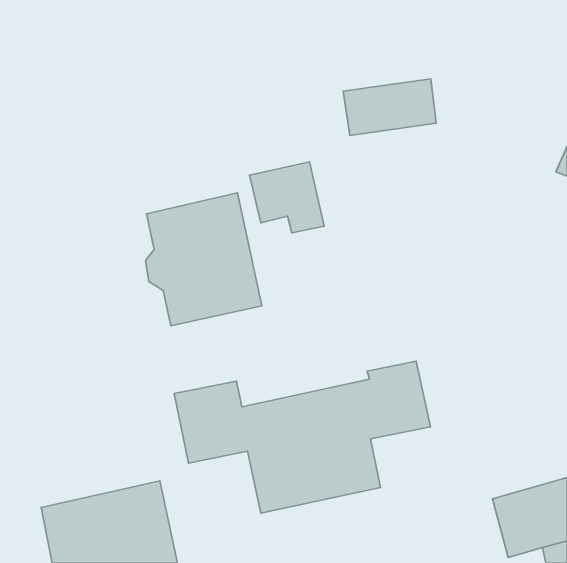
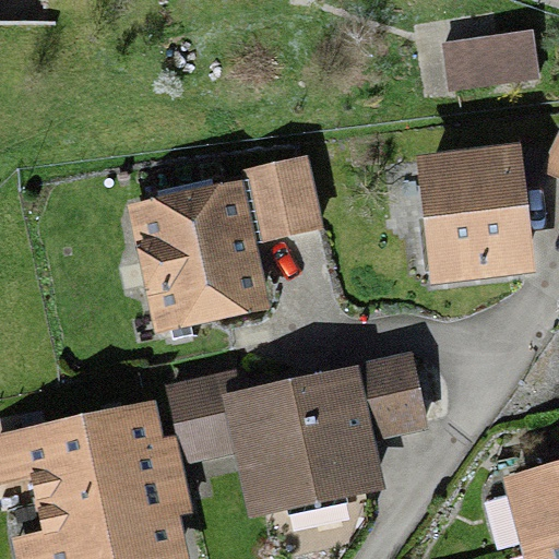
building: [343,79,436,136] -> [445,32,537,87]
building: none -> [431,156,523,270]
building: none -> [26,409,157,500]

